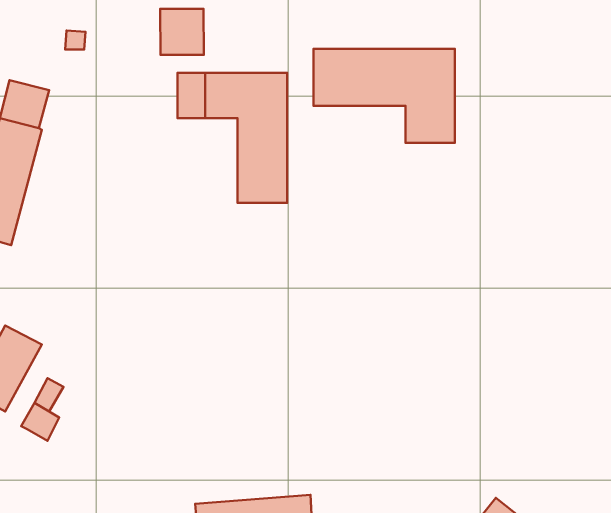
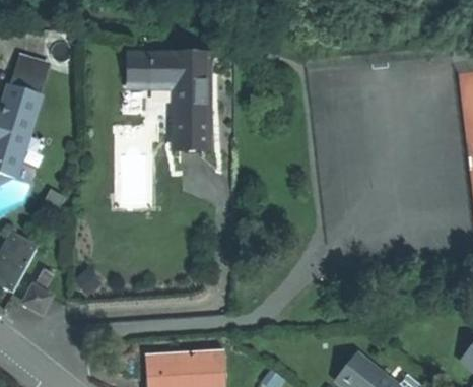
building: [160,9,204,55] -> none
building: [314,49,455,143] -> none

